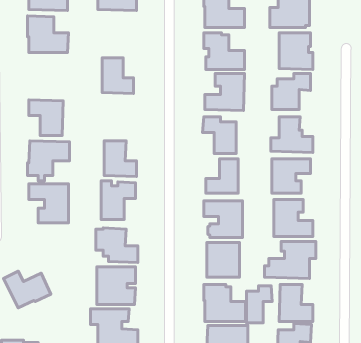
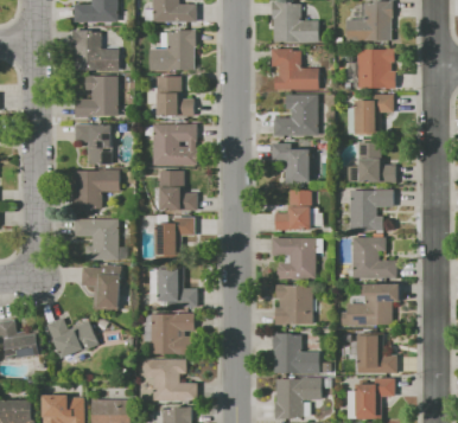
building: none -> [148,28,196,70]
building: none -> [75,75,119,116]
building: none -> [152,123,196,165]
building: none -> [81,264,121,309]
building: [246,286,272,323] -> none

